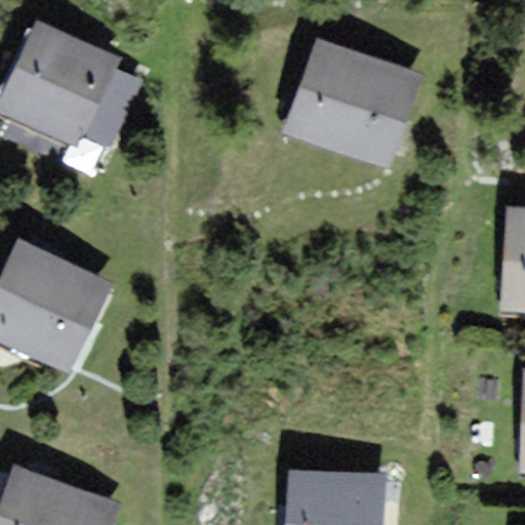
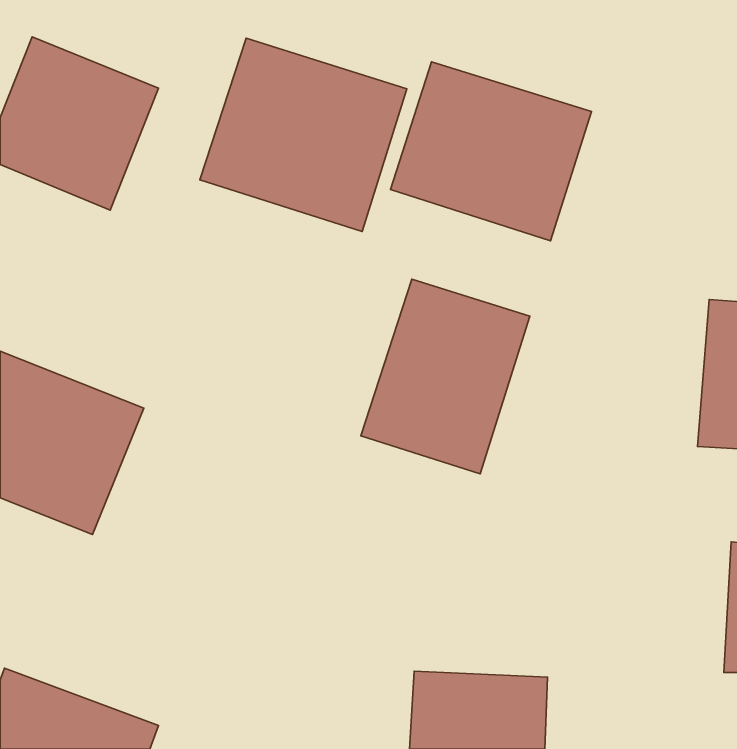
building: none -> [200,38,407,231]
building: none -> [361,279,530,474]

